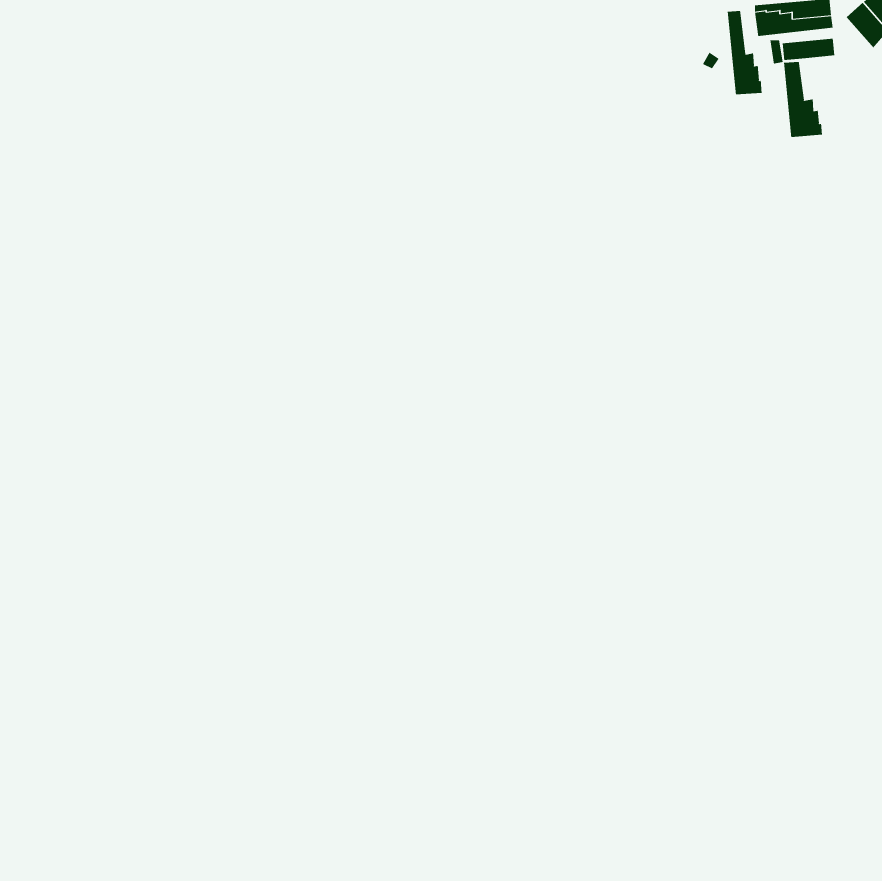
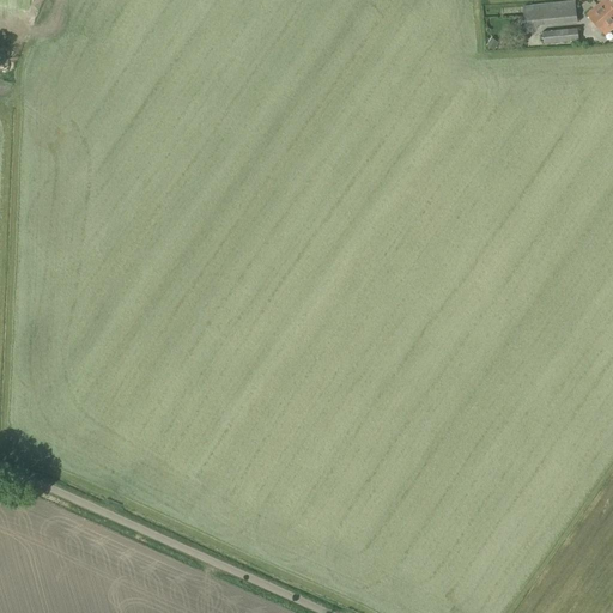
building: [727,10,762,95] -> none
building: [783,61,822,138] -> none

